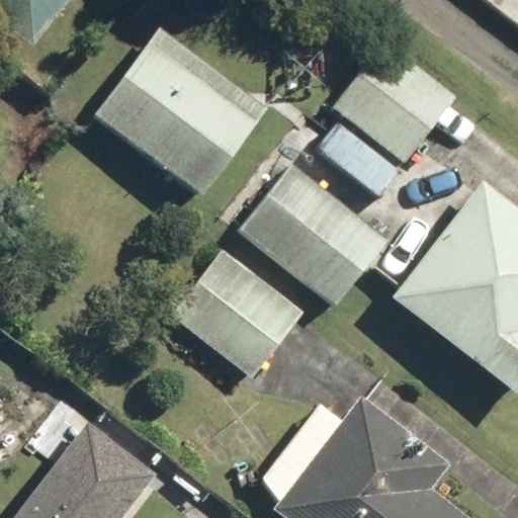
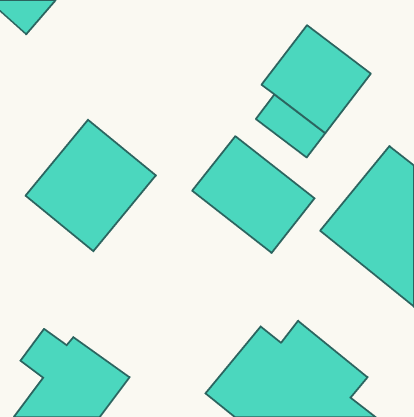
building: [88,38,261,204] -> none
building: none -> [26,120,156,251]
building: [164,244,305,381] -> none

